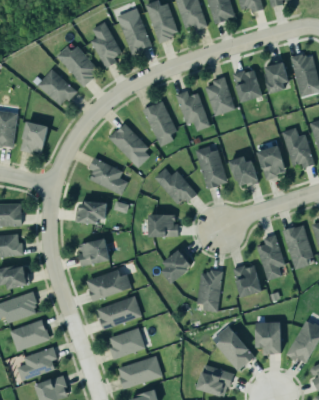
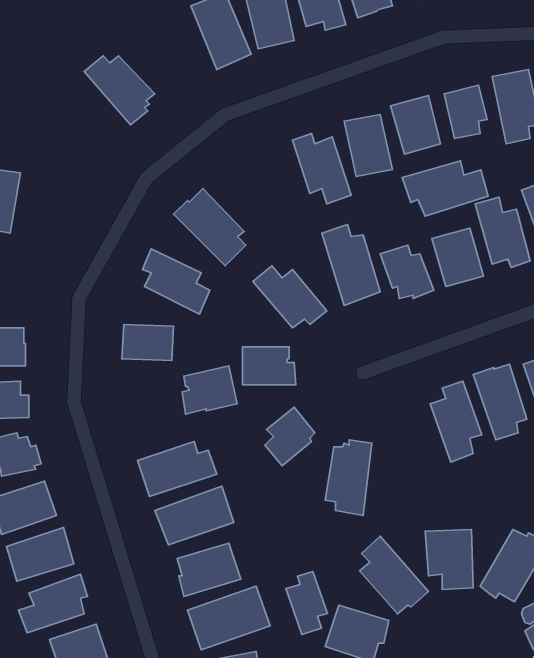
building: [90,21,122,68] -> none
building: [37,68,76,107] -> none
building: [145,101,177,146] -> none
building: none -> [402,161,488,216]
building: [19,121,48,153] -> none
building: [77,238,109,266] -> [182,366,237,414]
building: [232,263,262,298] -> none
building: none -> [286,571,328,635]

